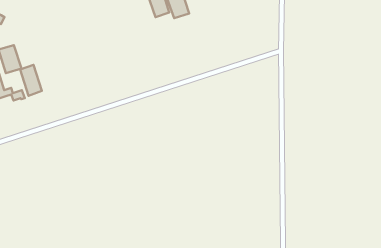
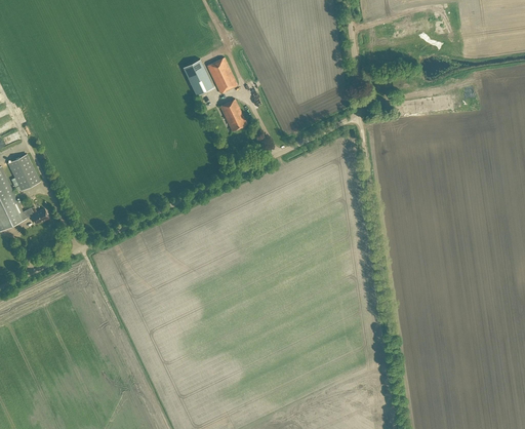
building: none -> [218,100,246,131]
building: [20,65,42,96] -> none

